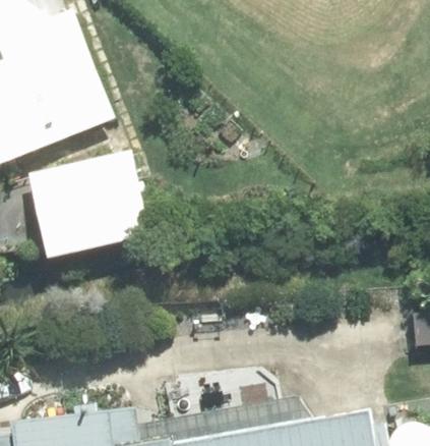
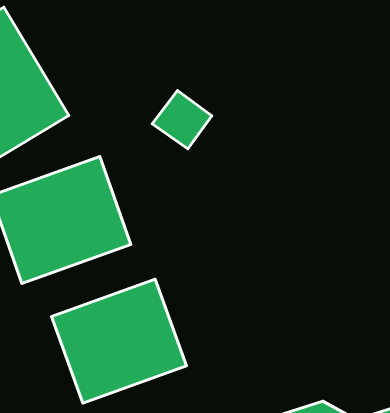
building: none -> [51,279,187,403]

